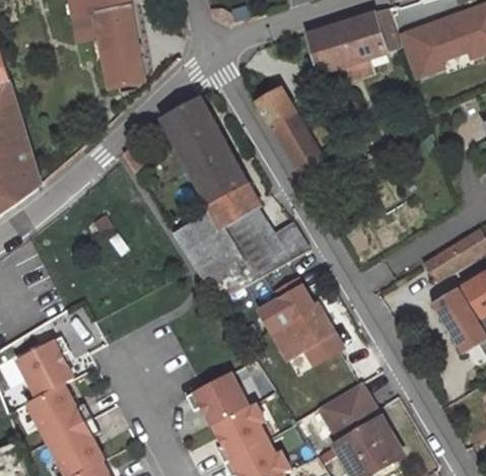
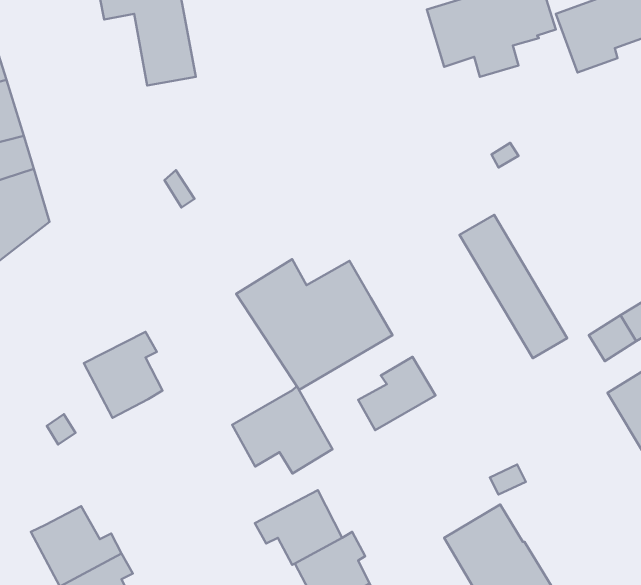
building: [257,88,333,190] -> [460,215,567,358]
building: [162,96,260,227] -> none
building: [268,221,309,263] -> none
building: [271,302,342,364] -> [232,386,333,474]
building: [17,336,73,397] -> [84,332,163,418]

